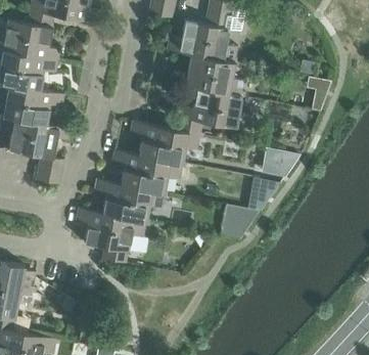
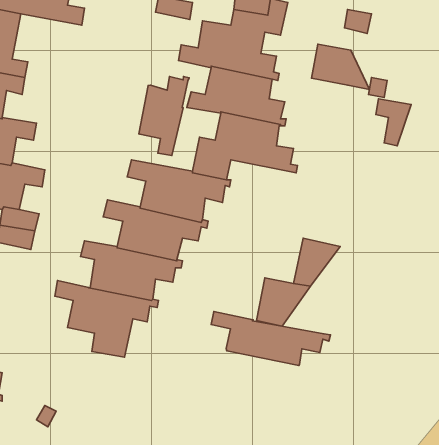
building: none -> [311,44,369,90]
building: none -> [139,76,189,155]
building: [263,147,299,176] -> none
building: none -> [211,311,330,365]

